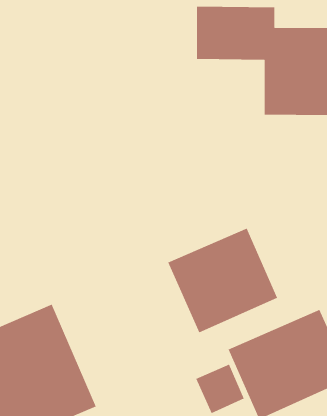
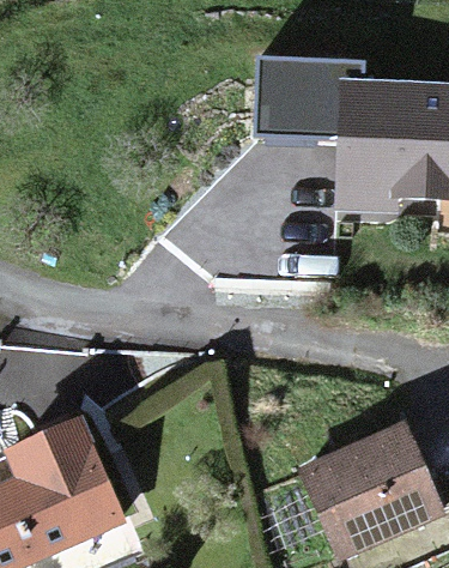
building: [167,227,278,334] -> none

